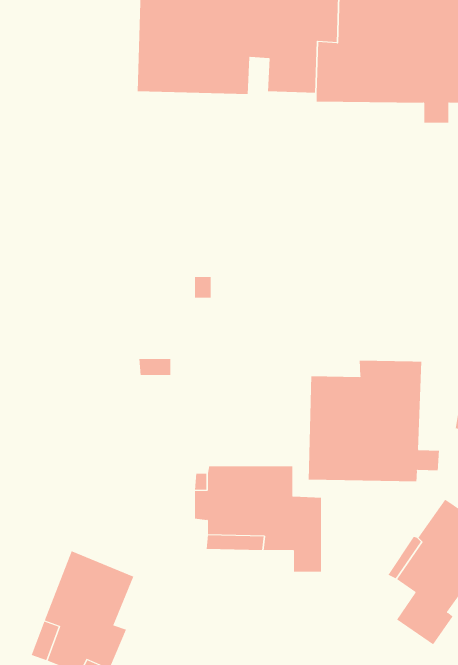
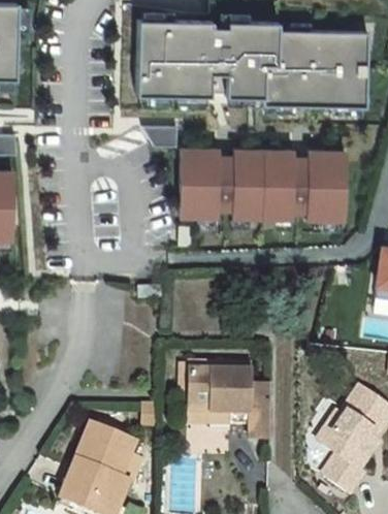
building: none -> [176,147,346,220]
building: [308,360,439,482] -> none

